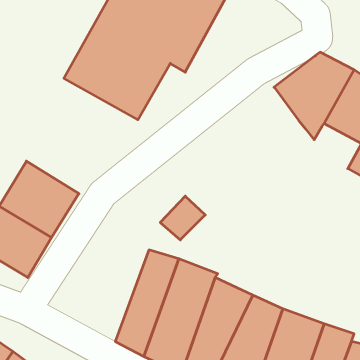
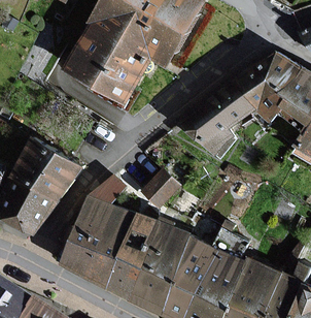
building: none -> [183,80,258,150]
building: none -> [62,177,135,289]

